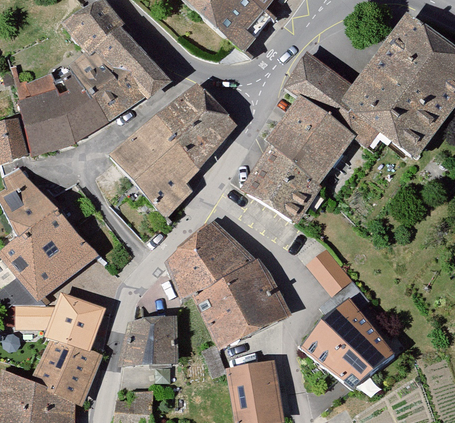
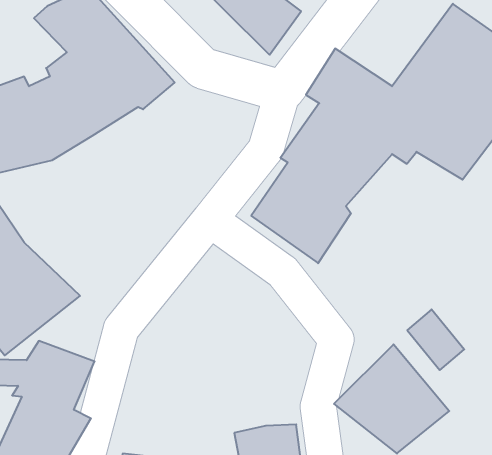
building: [108,85,237,220] -> none
building: [164,220,292,354] -> none
building: [312,245,359,295] -> [407,309,464,370]
building: [117,315,178,367] -> none

